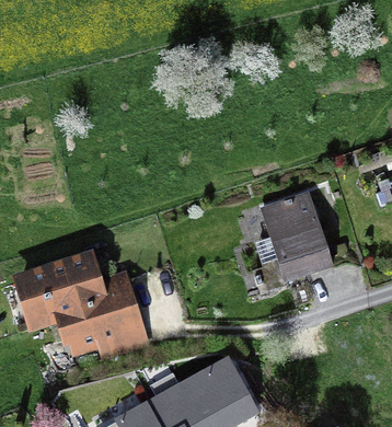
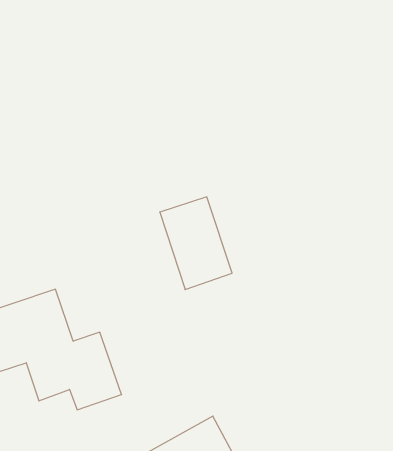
building: [265,198,327,278] -> [160,197,232,290]

